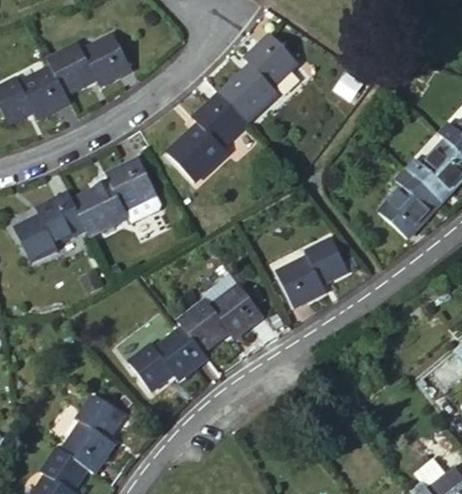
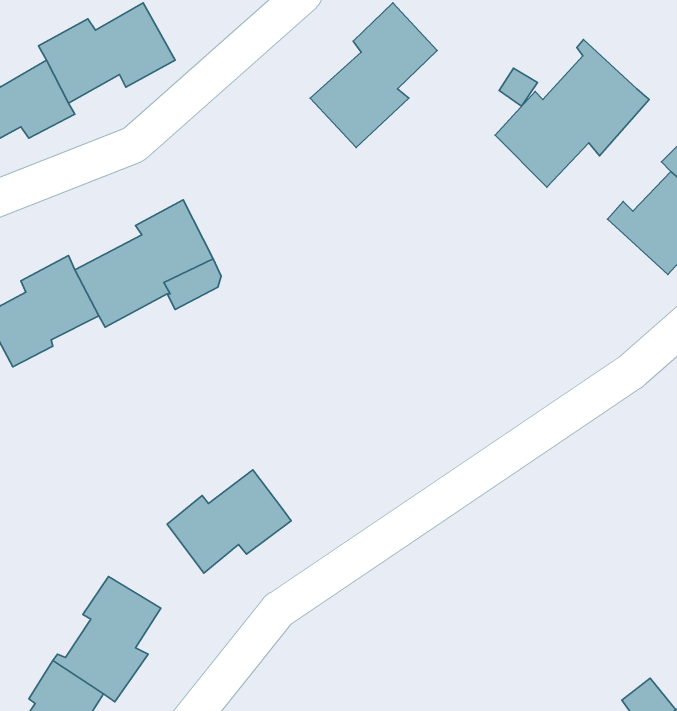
building: none -> [495,39,649,187]
building: [167,92,247,181] -> none
building: [377,168,443,239] -> none
building: [275,236,349,306] -> none
building: [177,282,262,351] -> none

